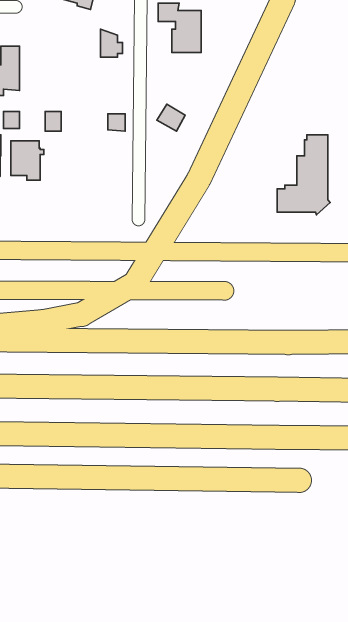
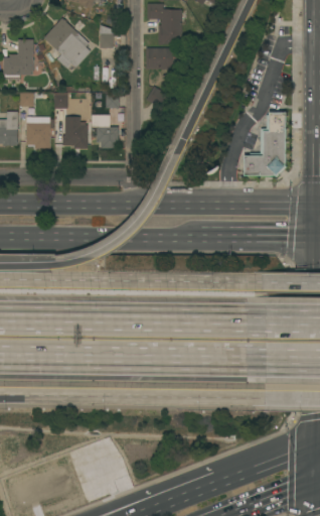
building: none -> [44,18,91,69]
building: none -> [146,48,181,70]
building: none -> [62,117,88,149]
building: none -> [96,121,119,148]

